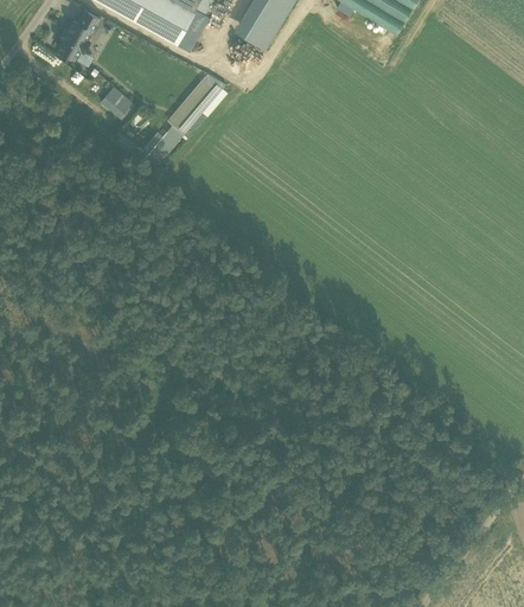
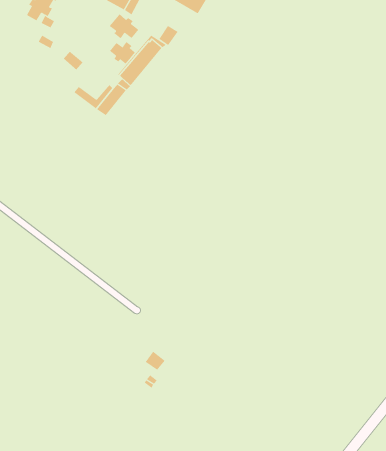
building: none -> [109,14,139,39]
building: none -> [109,41,135,65]

